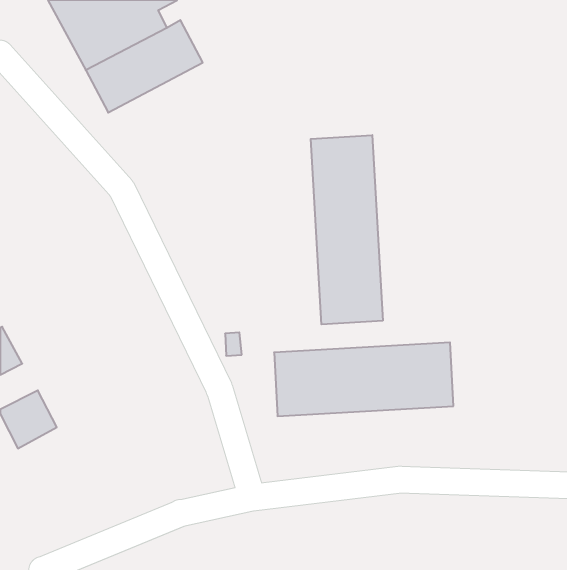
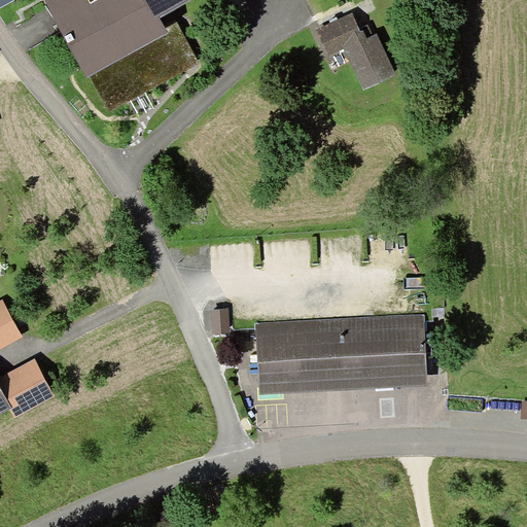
building: none -> [316,12,386,82]
building: [311,135,383,324] -> none

